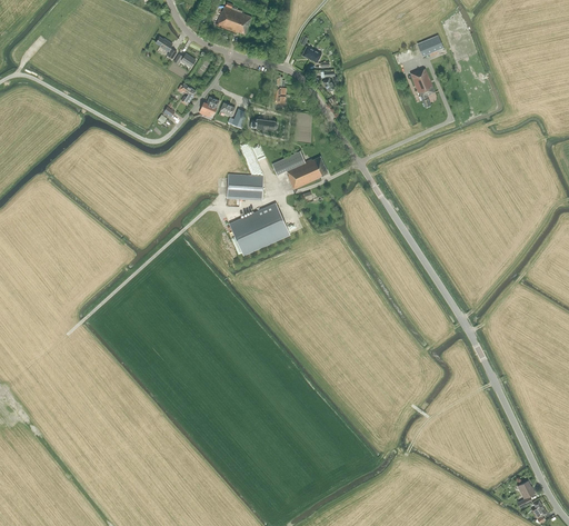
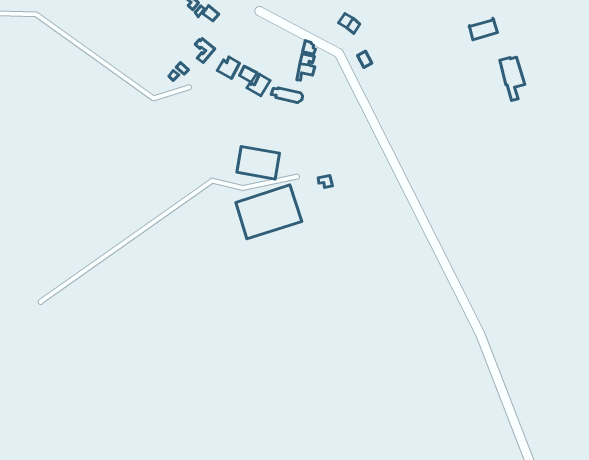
building: [410,68,435,107] -> [500,57,525,101]
building: [271,150,327,189] -> none

